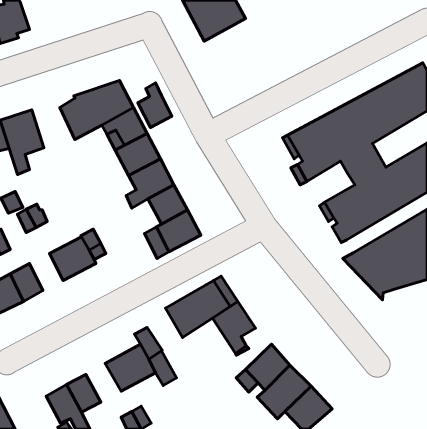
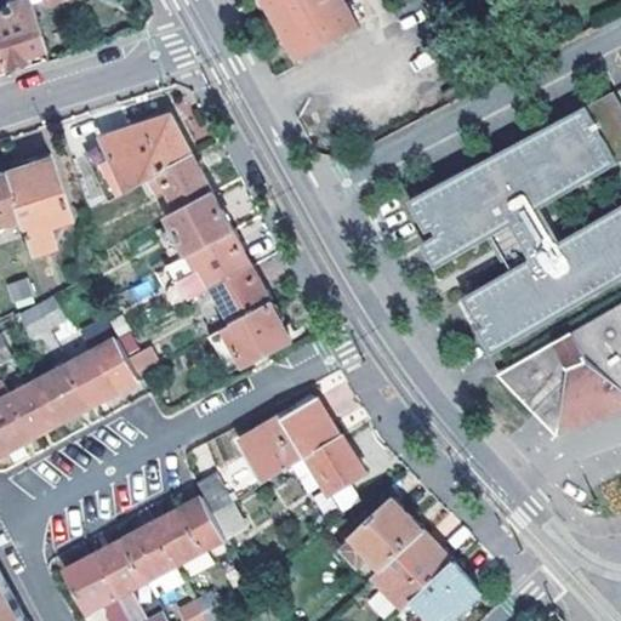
building: [138,83,172,128] -> none
building: none -> [42,366,91,420]
building: none -> [124,525,175,581]

